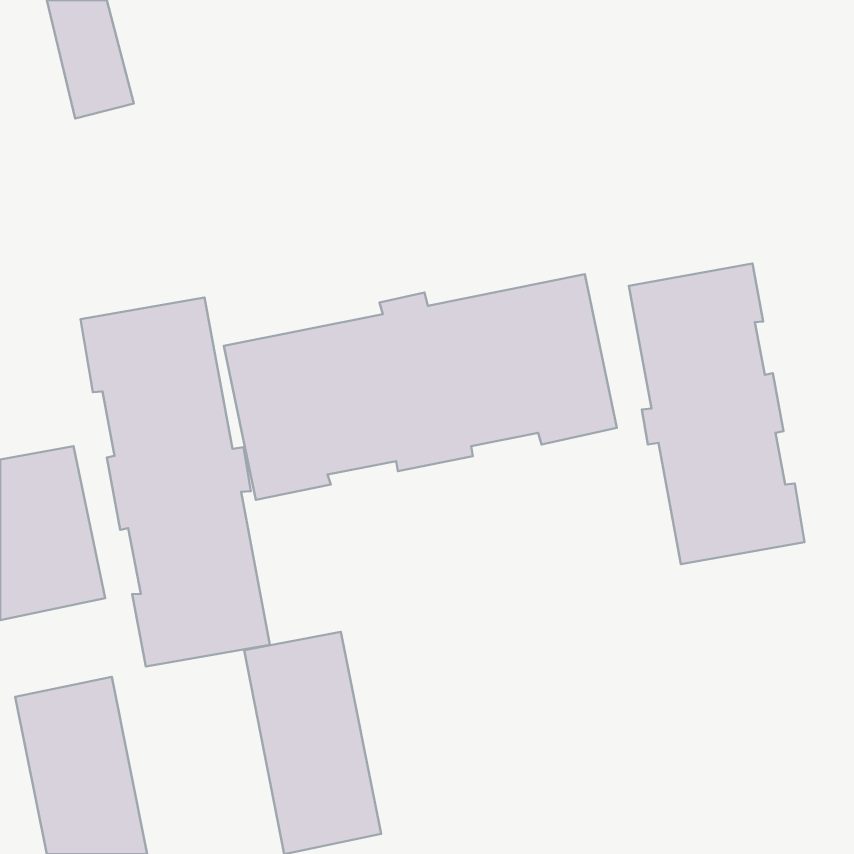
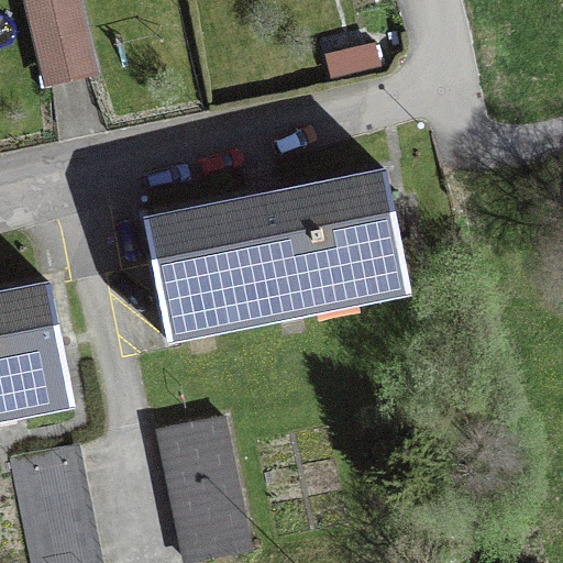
building: [629,264,804,564] -> none
building: [81,297,270,667] -> none

